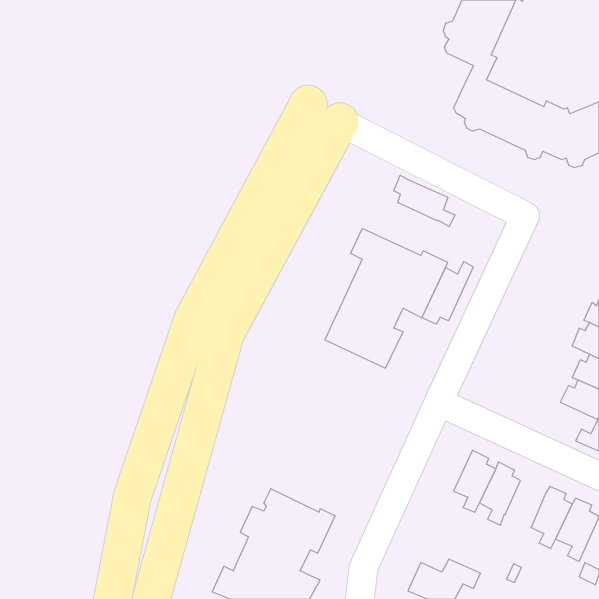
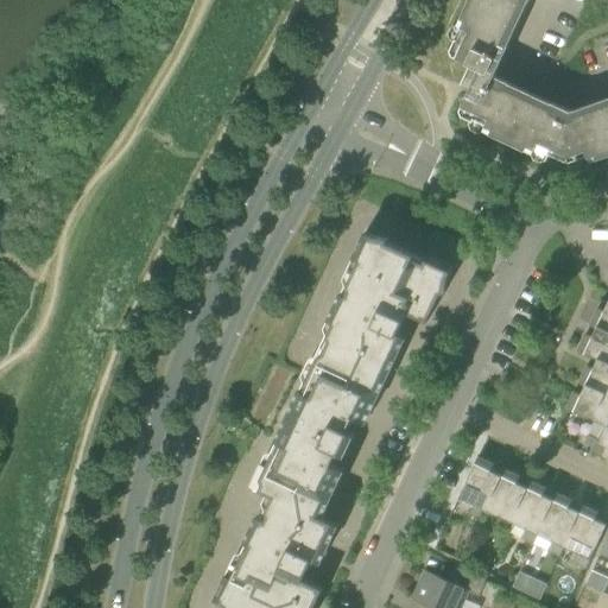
building: [394,175,455,227] -> none
building: [422,261,473,324] -> none
building: none -> [261,344,391,519]
building: none -> [512,481,553,544]

